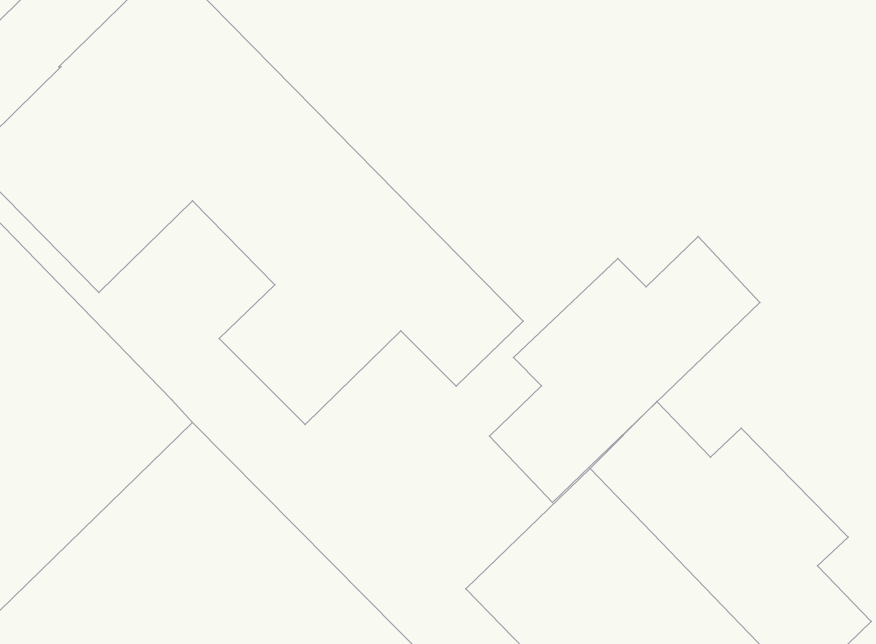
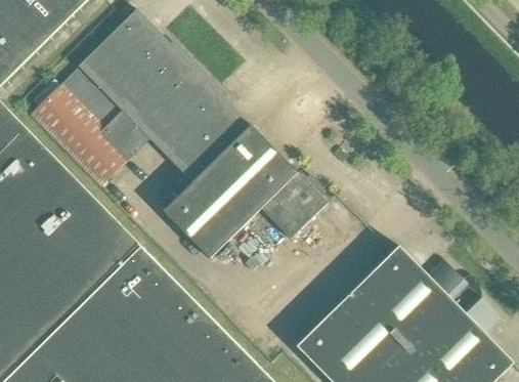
building: [489,236,760,502] -> none

